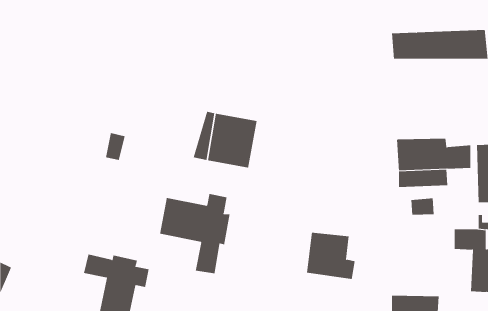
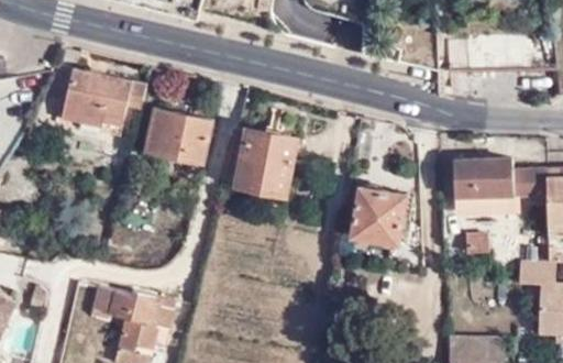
building: none -> [59,69,145,128]
building: none -> [145,108,212,164]
building: [160,193,230,274] -> none
building: [306,232,355,279] -> [355,188,411,242]

